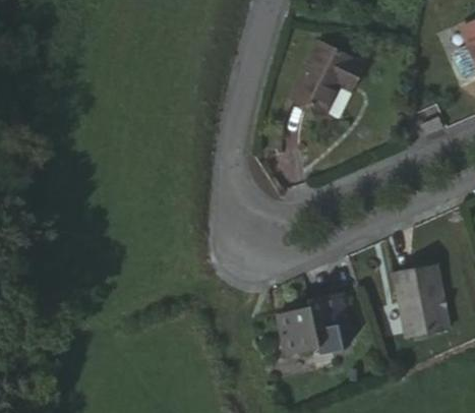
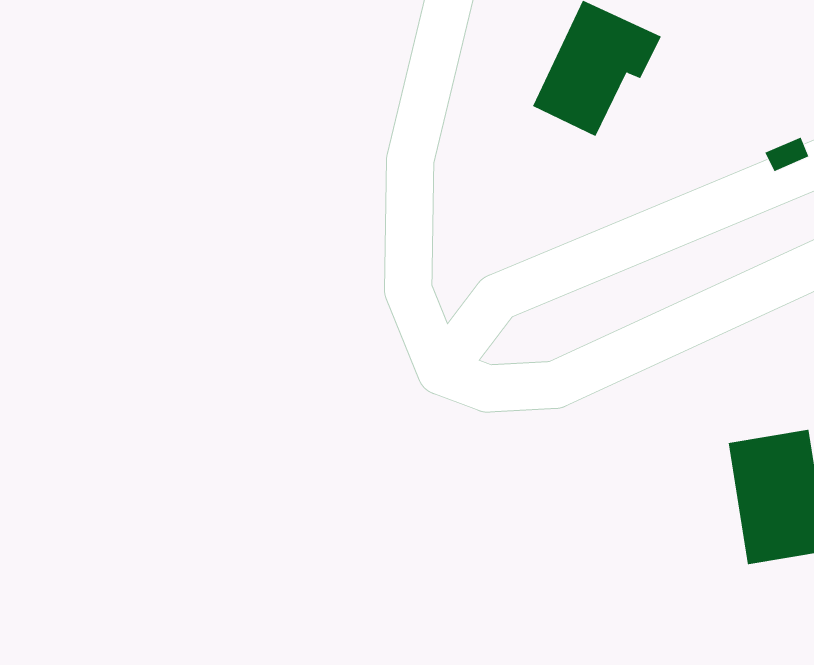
building: [279,292,350,360] -> none

